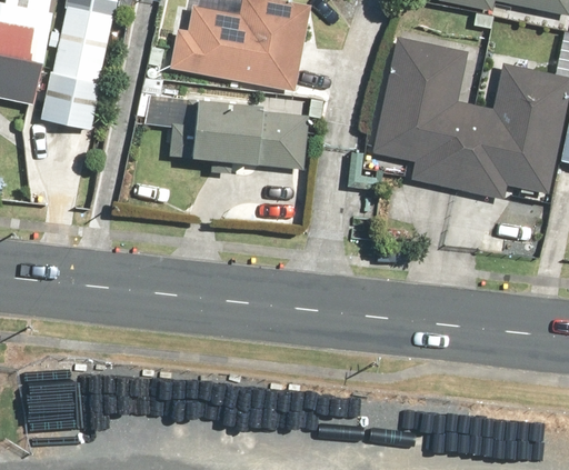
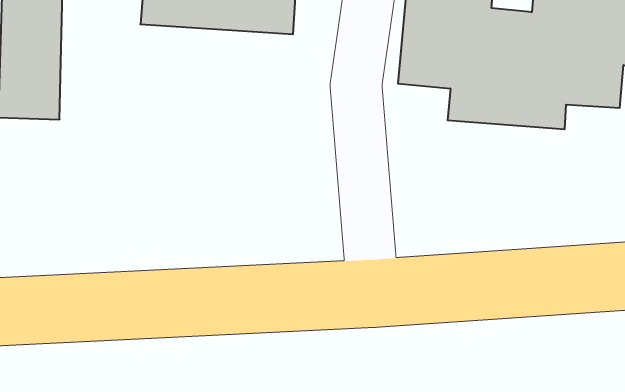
building: [184,99,307,164] -> none

